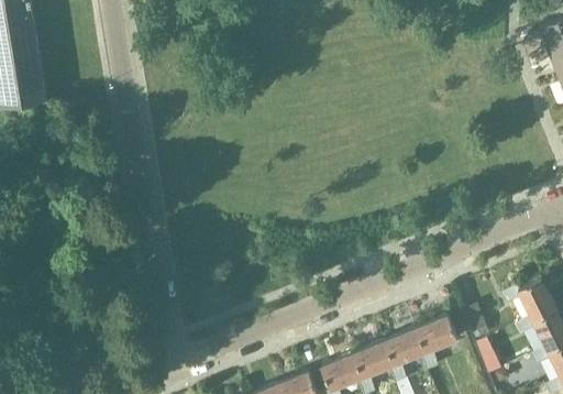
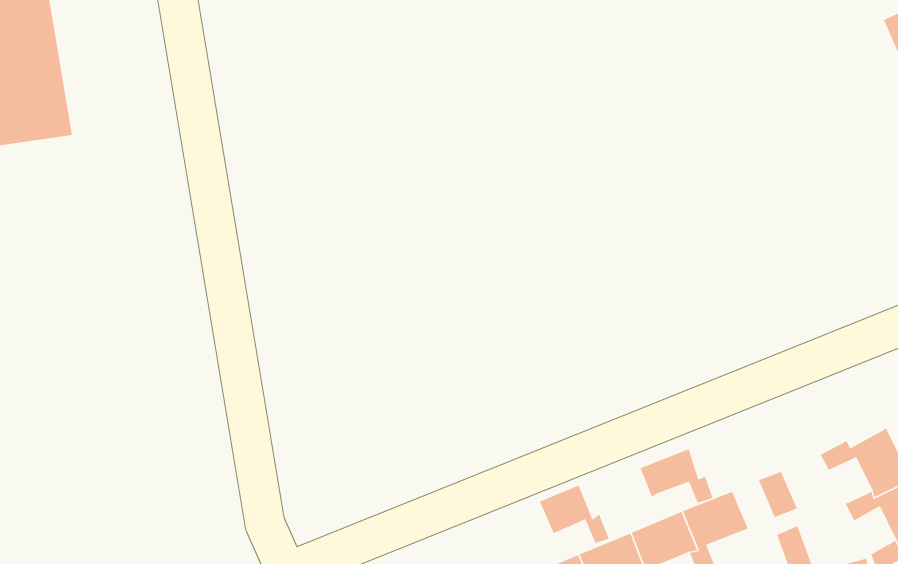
building: none -> [639,448,713,504]
building: none -> [539,485,610,544]

